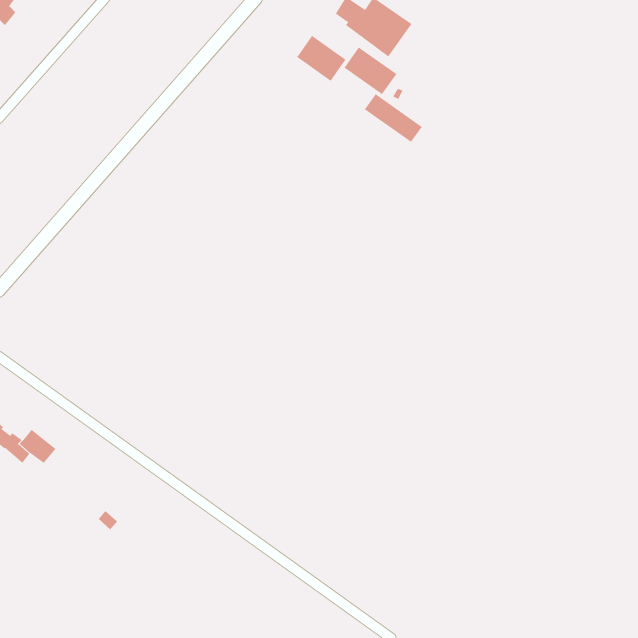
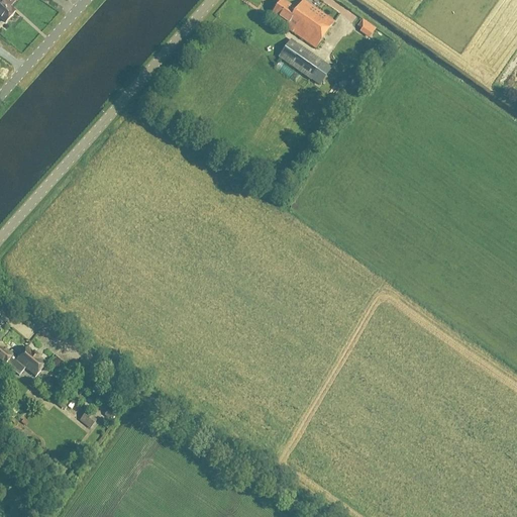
building: [296,35,347,82] -> none
building: [364,93,423,143] -> none

